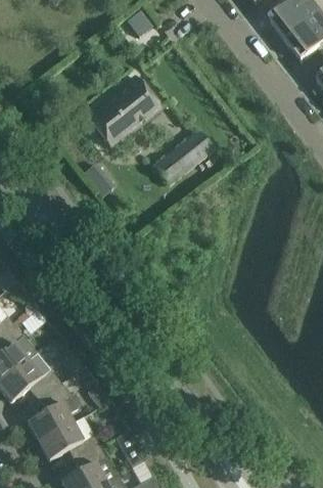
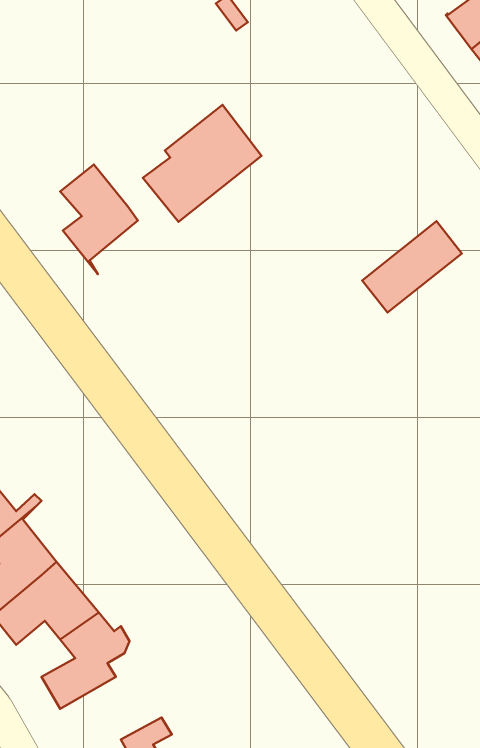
building: none -> [60,165,138,274]
building: [153,130,214,185] -> [362,221,462,313]
building: [38,422,99,460] -> none

